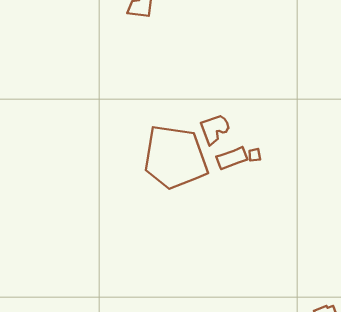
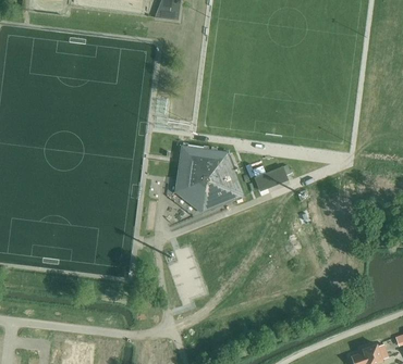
building: [201,116,229,146] -> none

